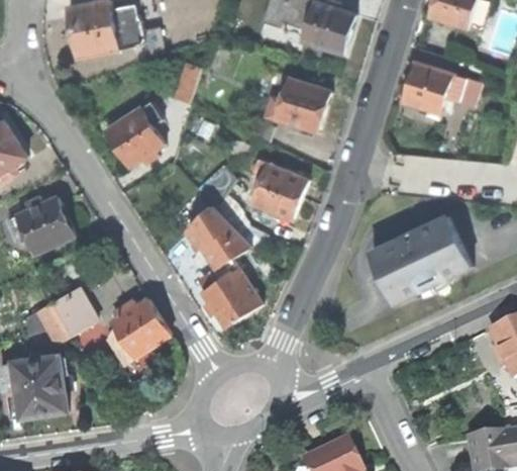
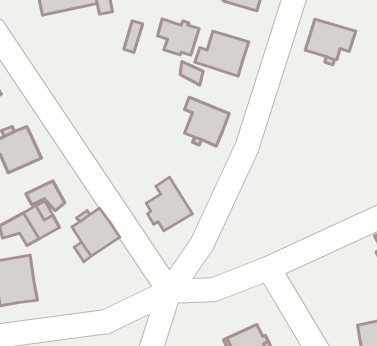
building: none -> [157,19,199,55]
building: [105,100,166,167] -> none
building: [187,203,248,267] -> none
building: [367,215,469,303] -> none
building: none -> [26,181,65,211]

